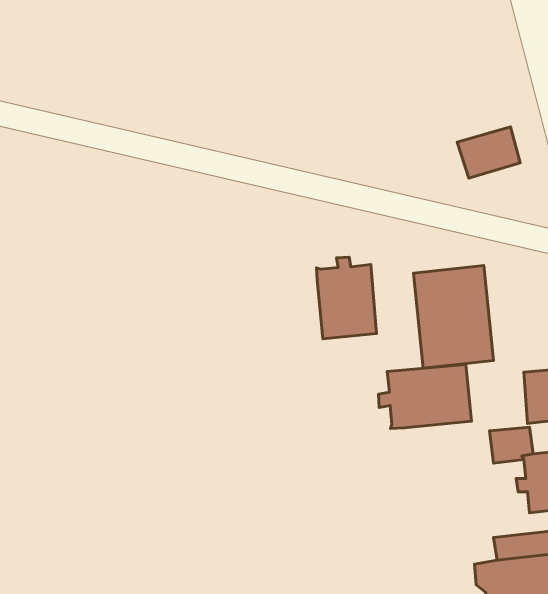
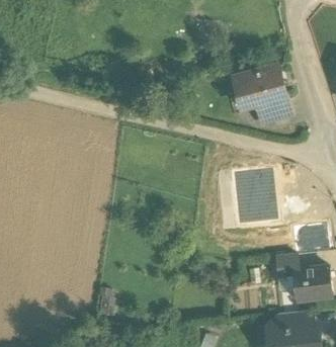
building: none -> [234,64,285,106]
building: [317,257,377,339] -> none
building: [378,365,471,429] -> none

